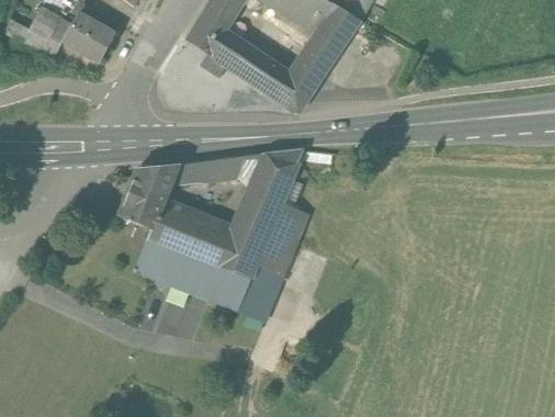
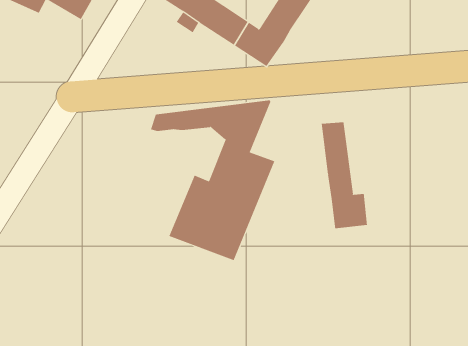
building: [118,164,220,294] -> none
building: none -> [321,121,367,229]

